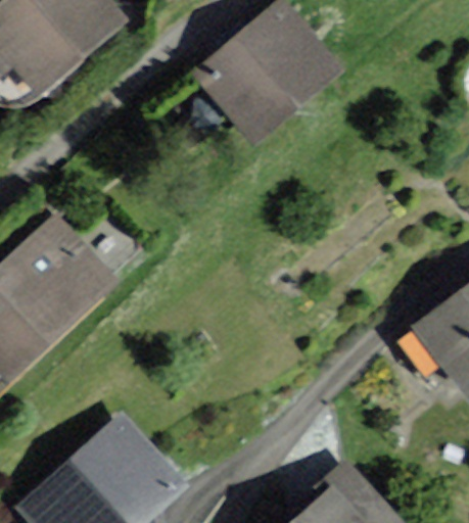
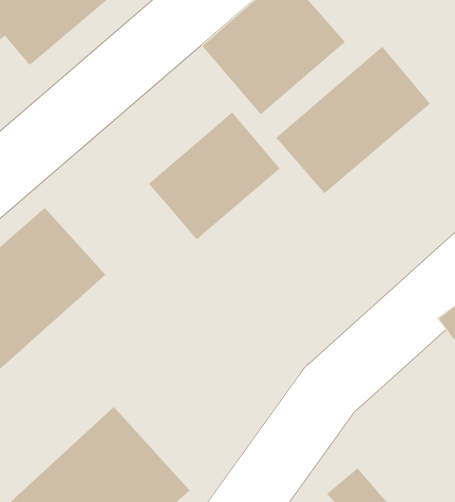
building: none -> [276,46,431,194]
building: none -> [148,111,281,240]

